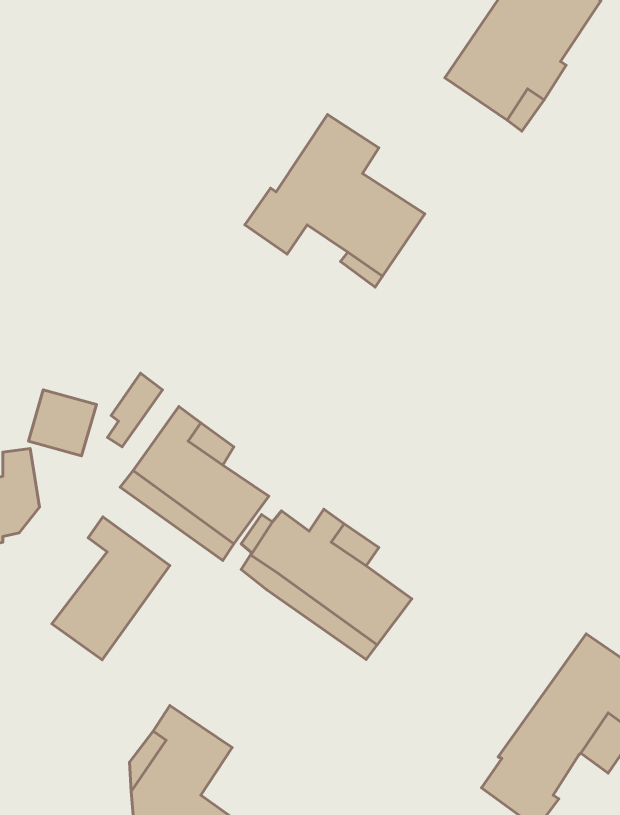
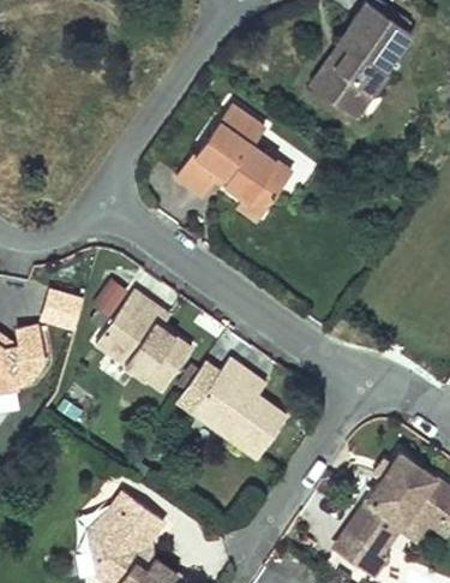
building: [52,517,170,660] -> none

